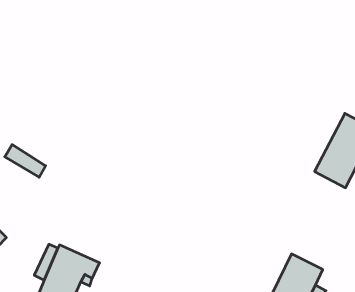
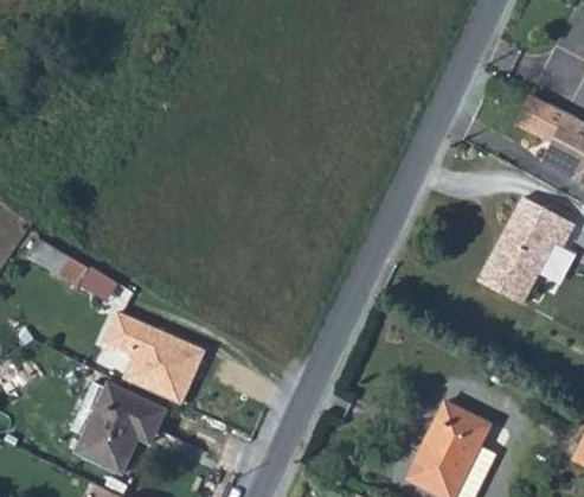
building: none -> [110,312,211,408]

